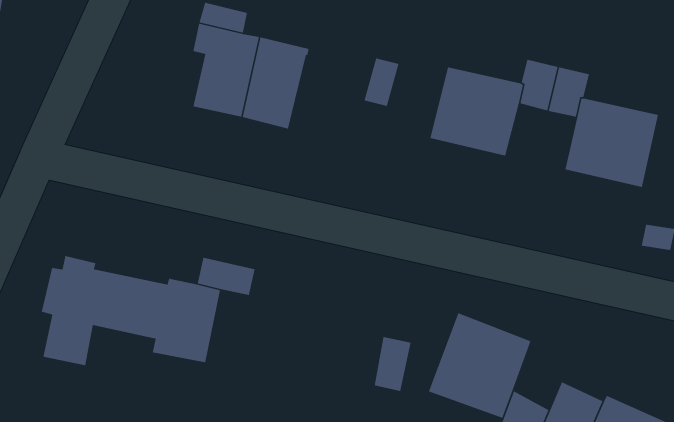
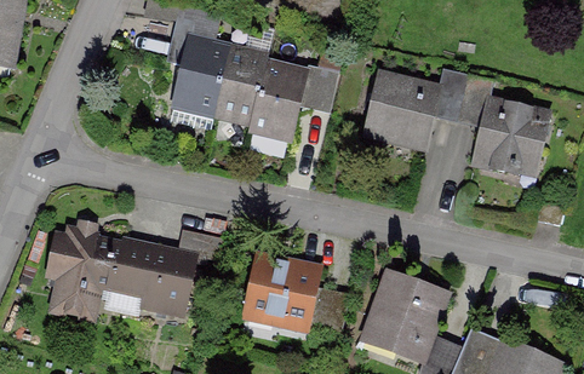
building: none -> [250,67,305,142]
building: none -> [244,254,321,330]

